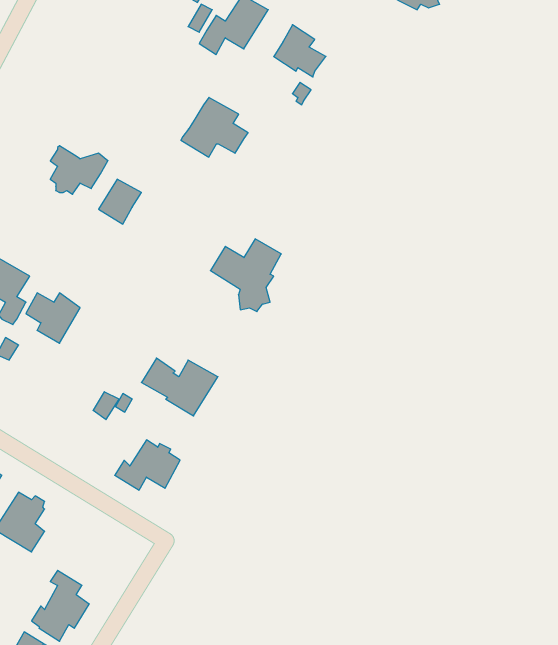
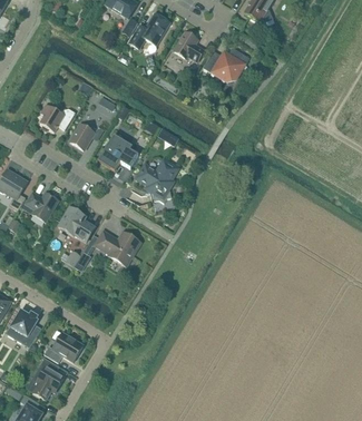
building: none -> [203,48,250,82]
building: [181,97,248,157] -> [98,134,138,169]
building: none -> [58,207,95,242]
building: [115,440,180,490] -> [43,333,82,363]

